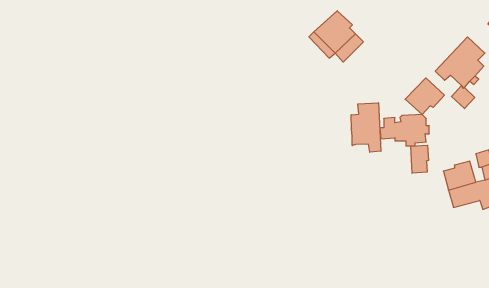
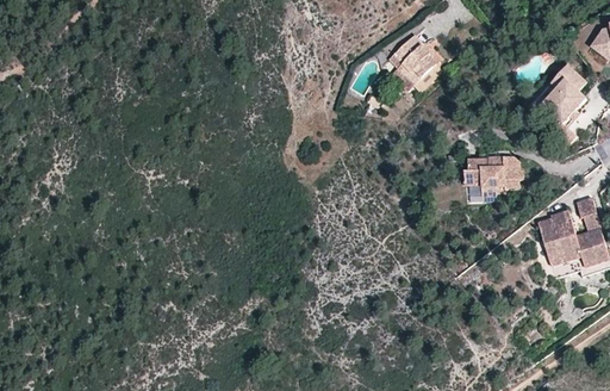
building: [405,78,444,115] -> none
building: [351,103,381,152] -> none
building: [411,145,429,173] -> none

